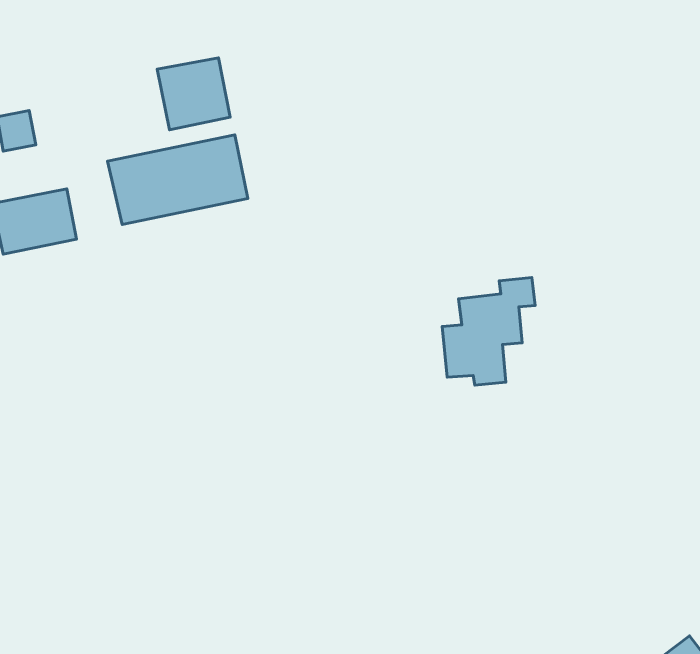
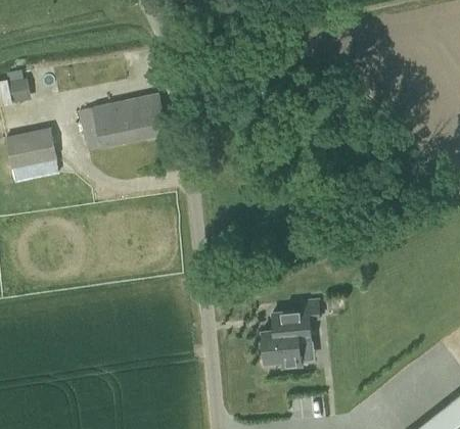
building: [157,58,230,130] -> none
building: [442,278,535,385] -> [261,300,319,368]

